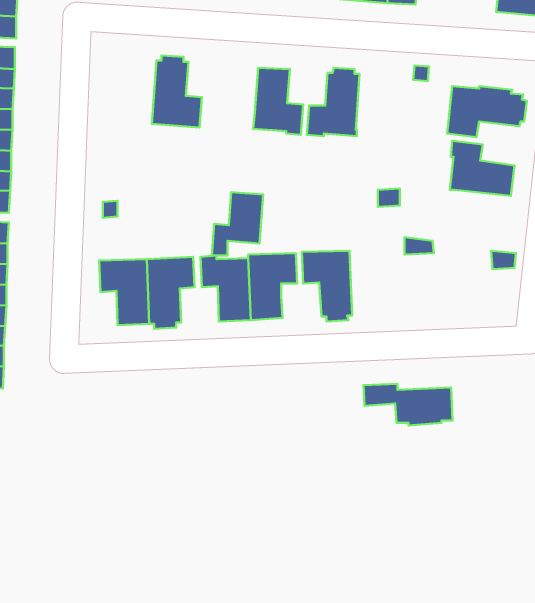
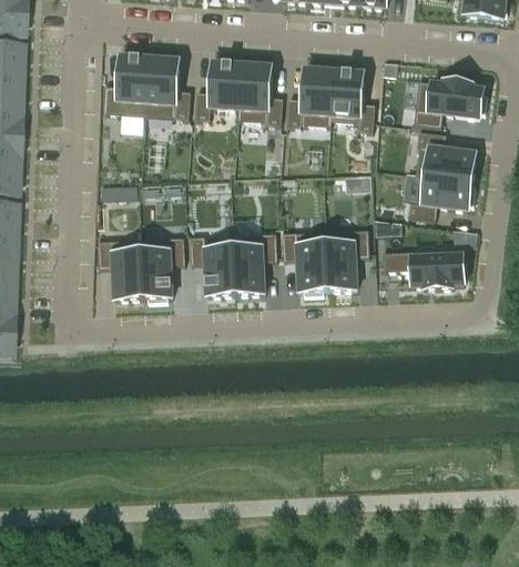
building: none -> [104,55,151,115]
building: none -> [332,70,376,132]
building: none -> [408,175,476,220]
building: [212,192,263,256] -> [196,62,243,120]
building: none -> [326,229,370,290]
building: [363,384,453,425] -> [384,251,465,288]

